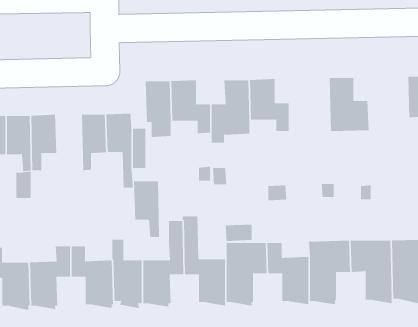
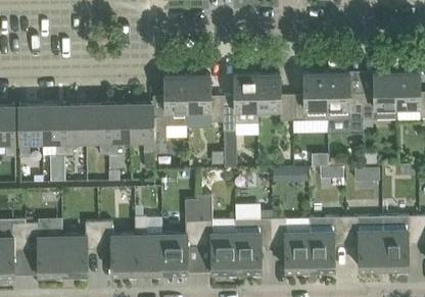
building: none -> [362,71,397,119]
building: none -> [292,72,328,120]
building: [133,181,160,238] -> [86,105,109,155]

